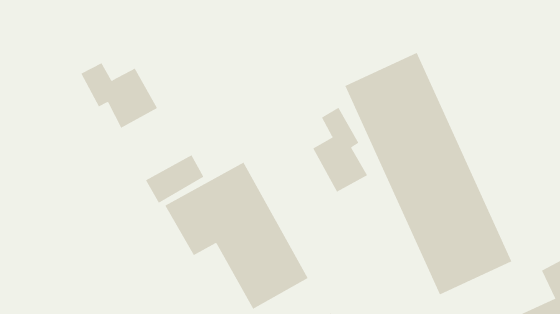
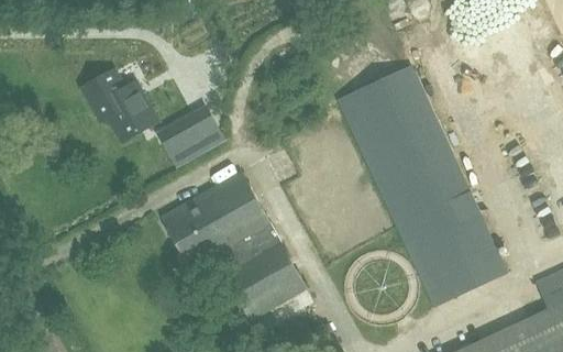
building: [313,107,368,193] -> none
building: [145,154,204,204] -> [164,116,222,164]

